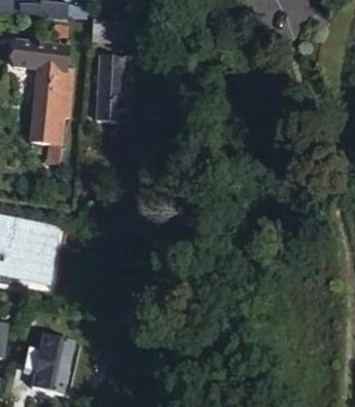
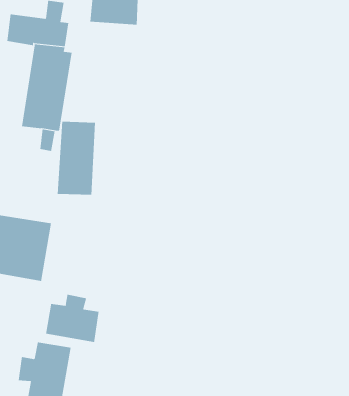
building: [95,56,130,123] -> [57,121,96,195]
building: none -> [45,294,99,343]

